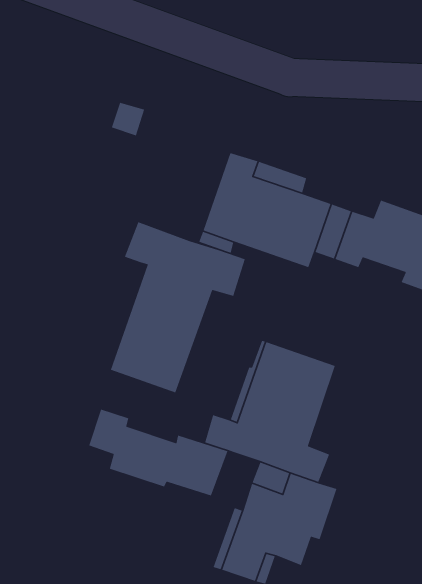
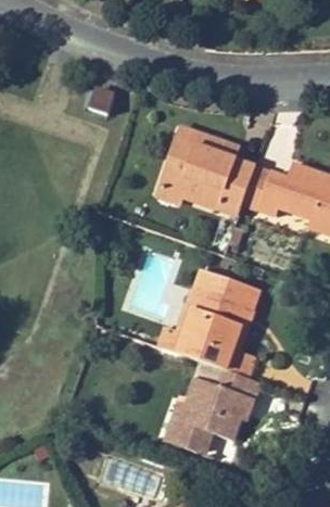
building: [110,221,246,394] -> none
building: [88,408,228,497] -> none

